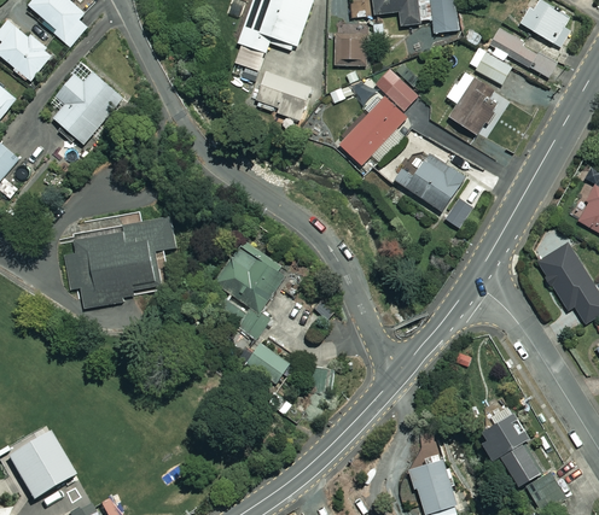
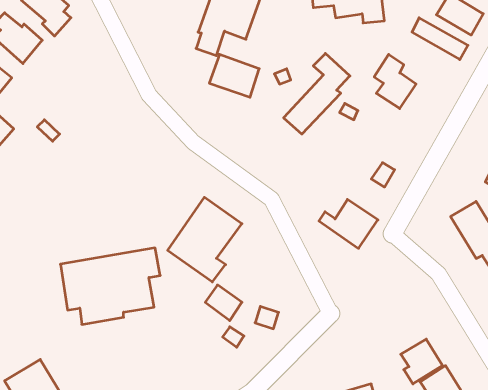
building: [333,33,367,65] -> none
building: [467,46,511,84] -> none
building: [53,63,123,144] -> none
building: [395,153,465,211] -> [319,199,378,248]
building: [59,217,178,308] -> [60,248,160,324]

